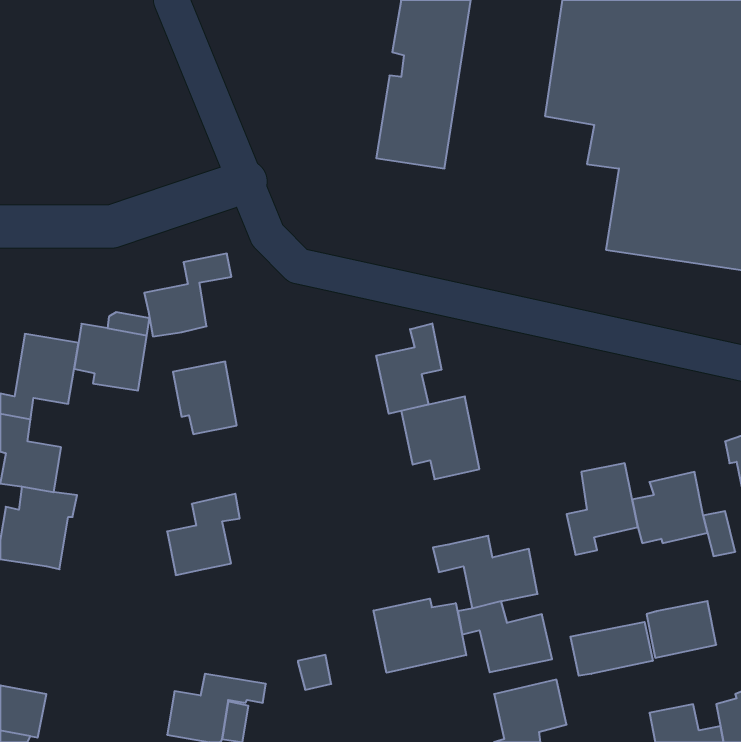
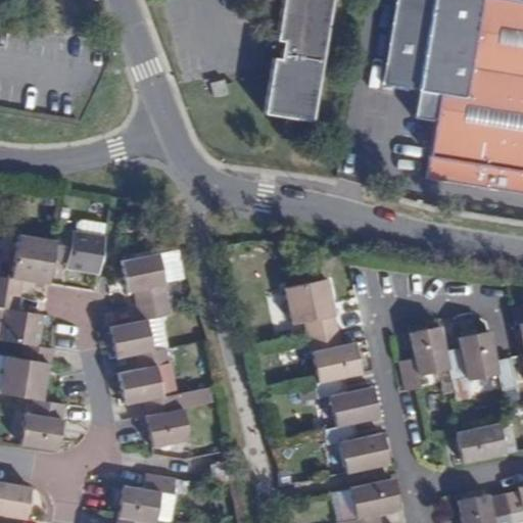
building: [144,254,231,336] -> [109,299,171,358]
building: [376,323,441,414] -> none
building: none -> [306,330,362,383]
building: none -> [144,387,213,447]
building: none -> [21,398,65,450]
building: [374,599,466,673] -> none
building: [570,622,653,676] -> none

